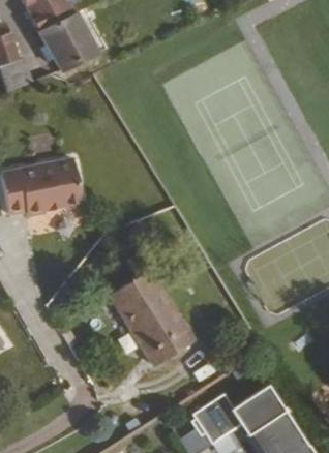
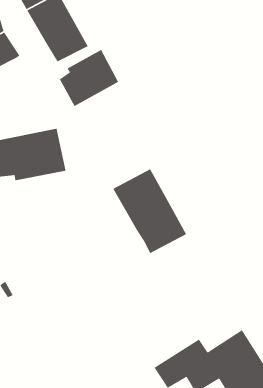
building: none -> [59,49,119,107]
building: [111,274,193,369] -> [112,168,187,254]

